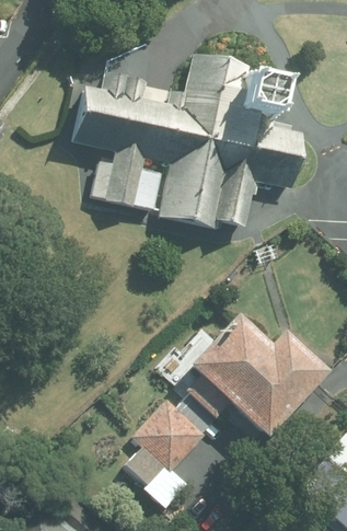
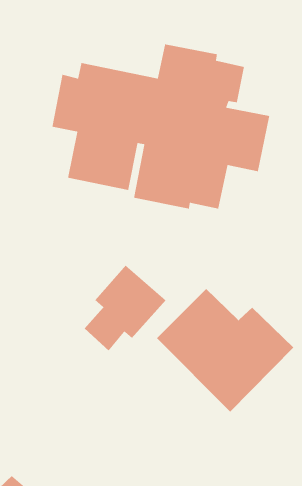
building: [124,400,210,490] -> [84,265,166,351]

